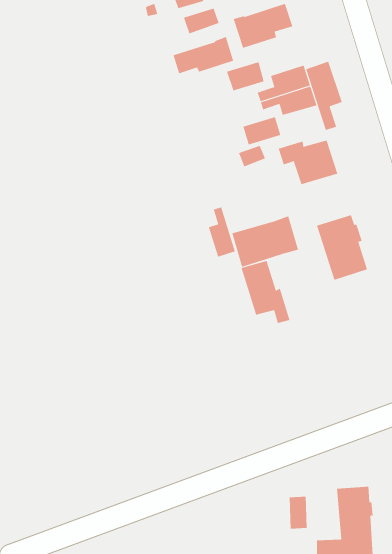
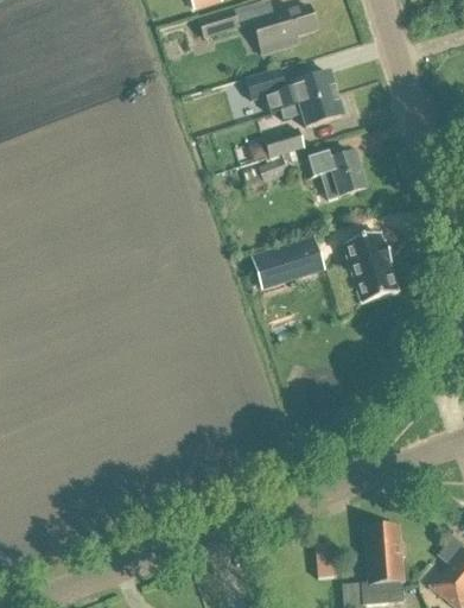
building: [173,36,234,74] -> none
building: [305,61,342,131] -> none
building: [208,206,235,258] -> none
building: [241,260,290,324] -> none

